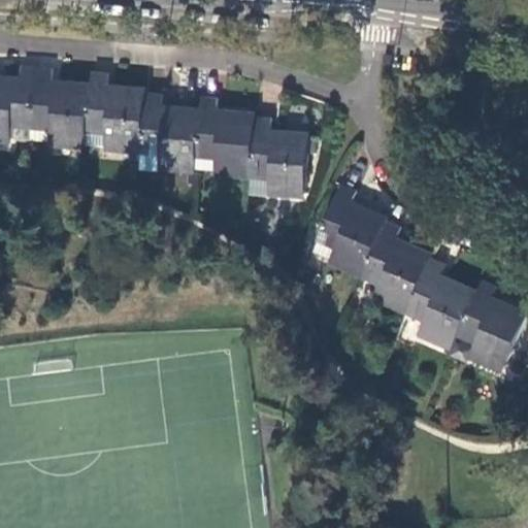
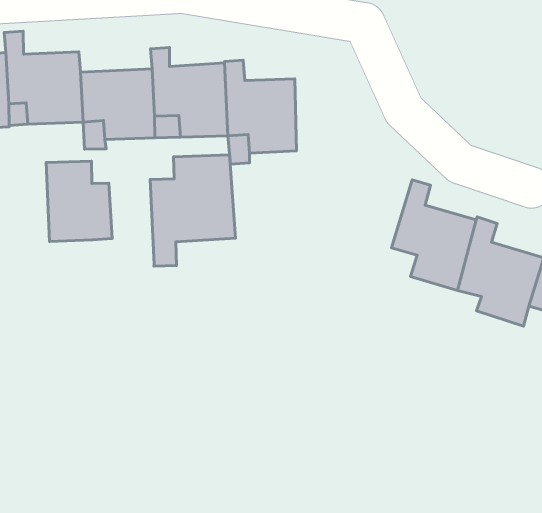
building: none -> [46,161,112,241]
building: none -> [150,155,235,266]
building: [317,185,386,272] -> none

